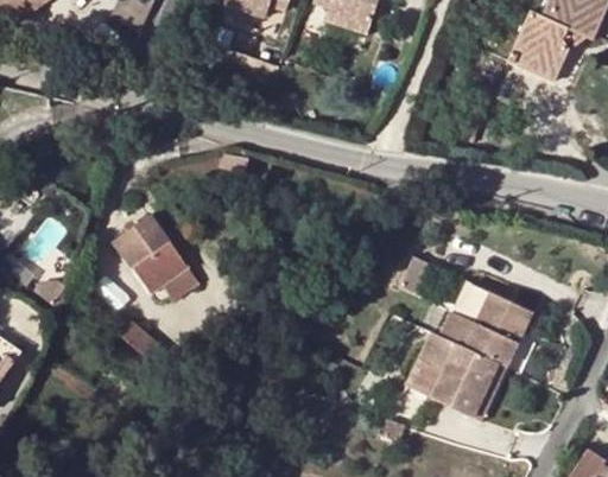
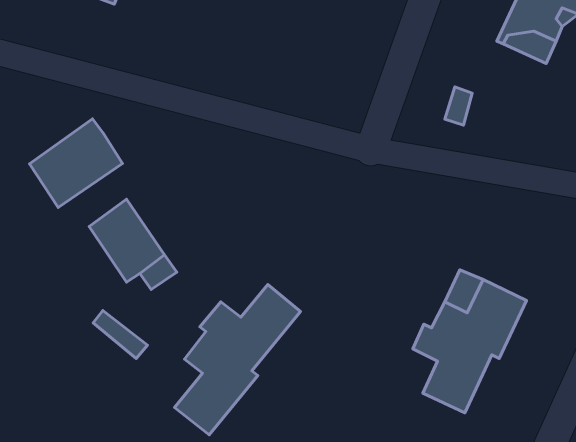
building: none -> [30,119,122,208]
building: none -> [175,285,300,435]

